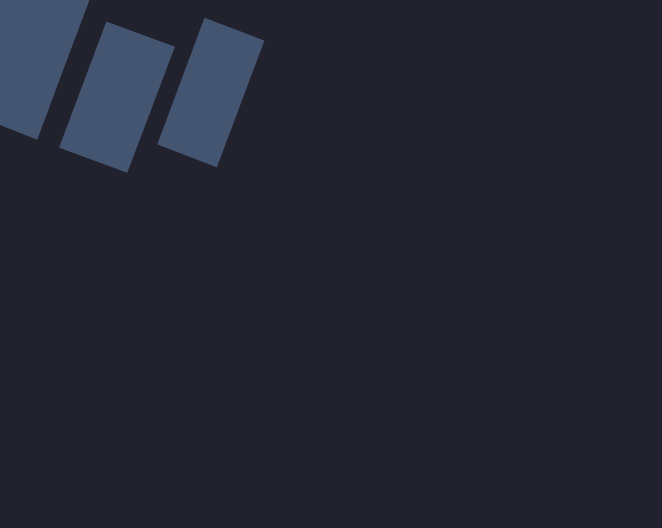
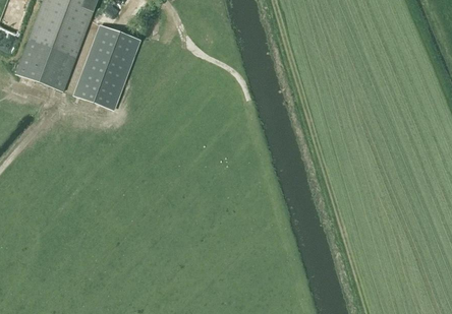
building: [156,17,265,168] -> none

